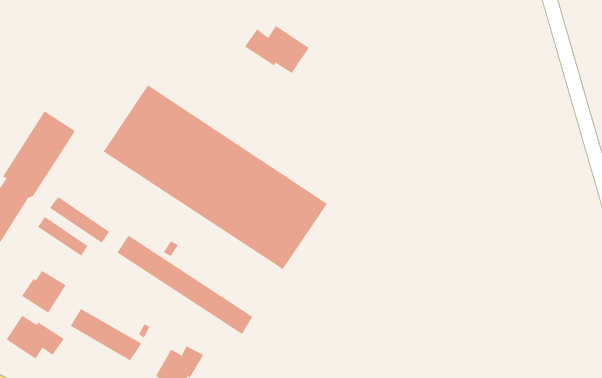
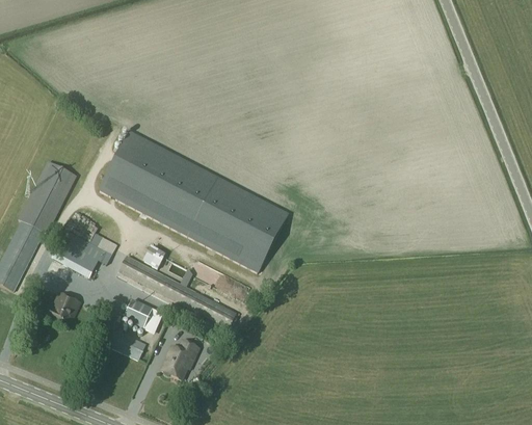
building: [244,25,309,74] -> none
building: none -> [124,303,152,329]
building: [6,315,65,359] -> none

